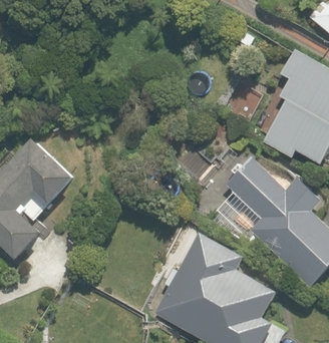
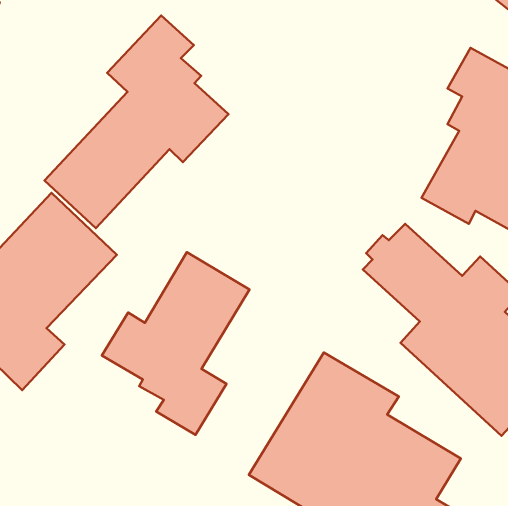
building: none -> [44,15,229,228]
building: none -> [102,252,249,435]

